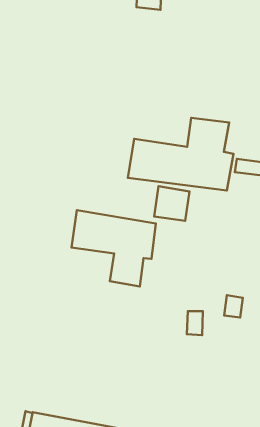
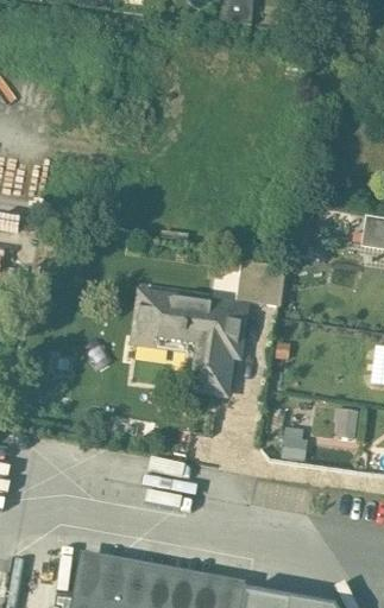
building: [128,118,234,191] -> none

